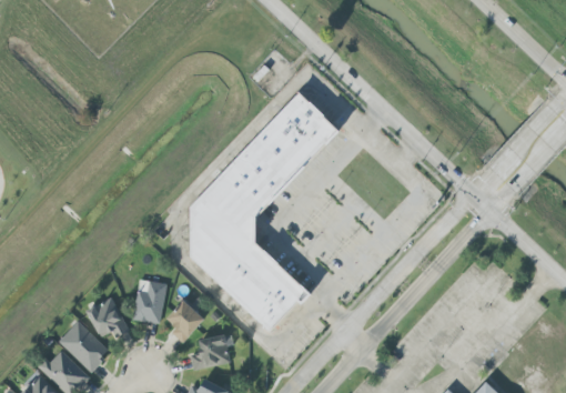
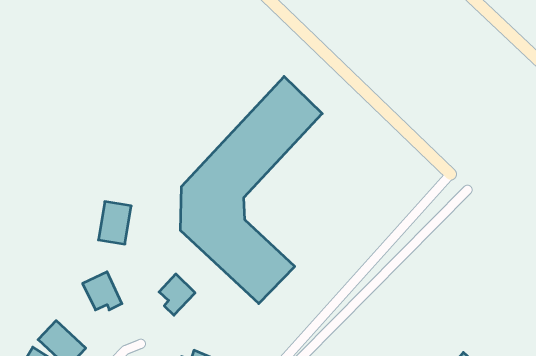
building: [132,280,166,324] -> [98,202,131,244]
building: [59,321,110,372] -> none
building: [190,333,233,370] -> none

